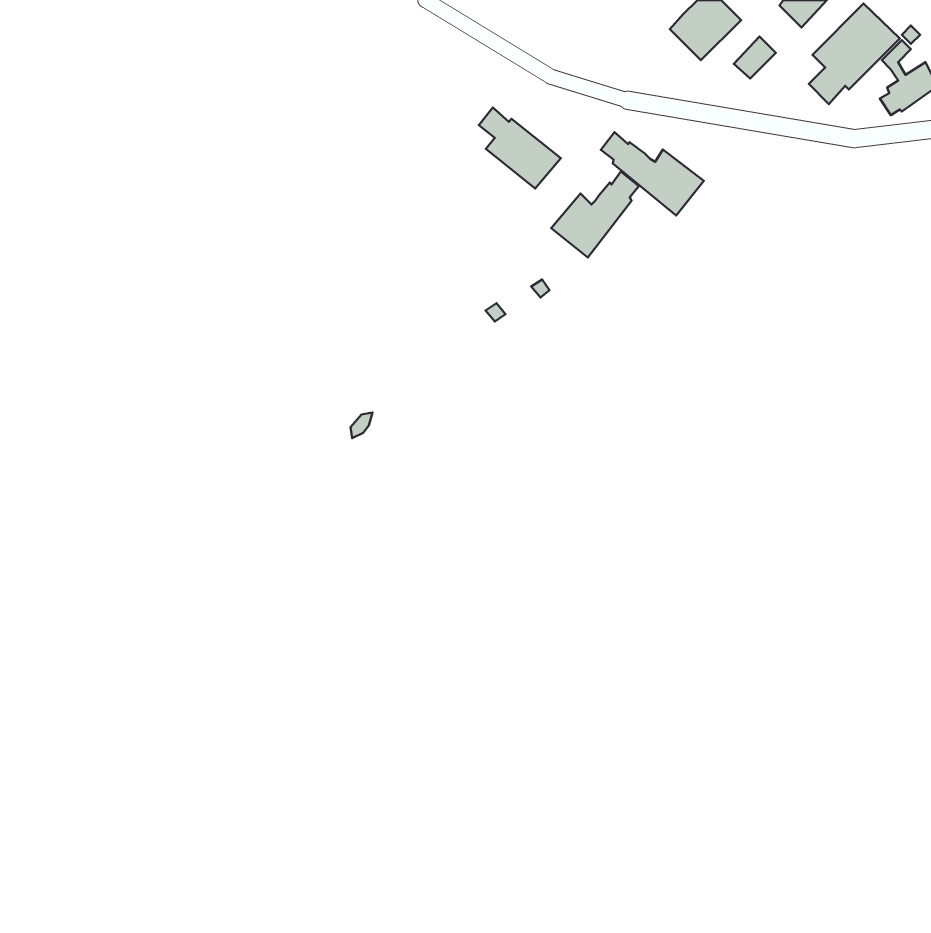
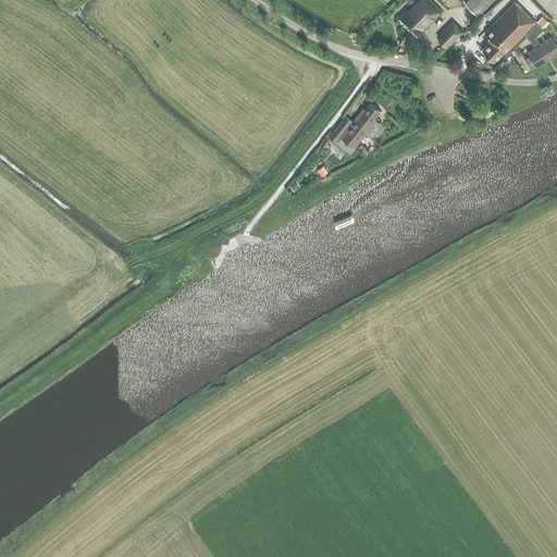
building: [479,108,561,189] -> none
building: [601,132,704,216] -> none

